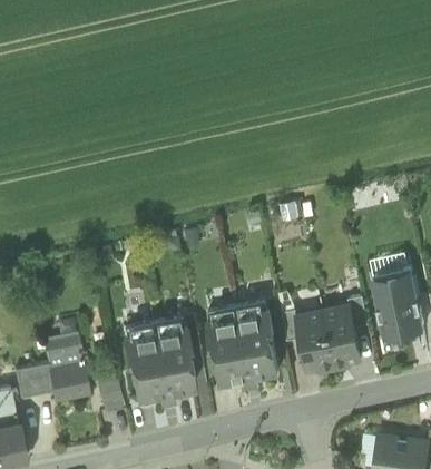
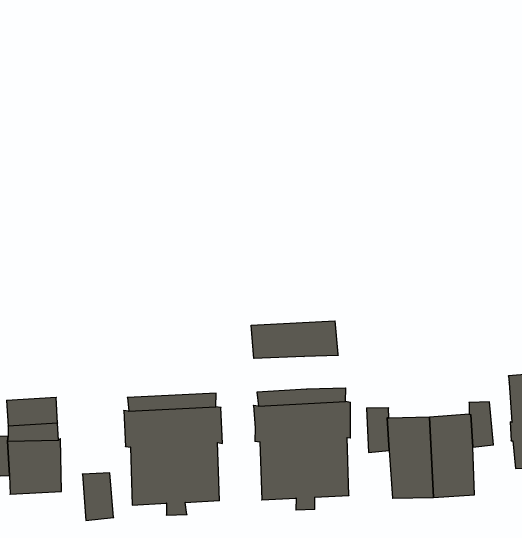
building: none -> [251,321,338,358]

